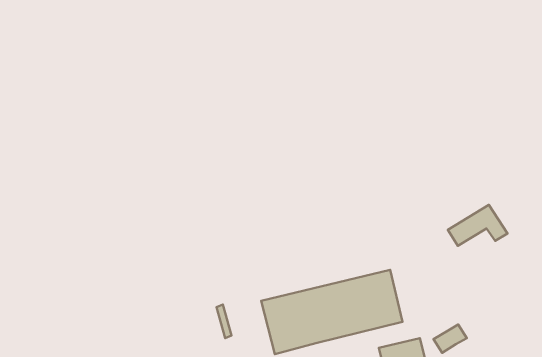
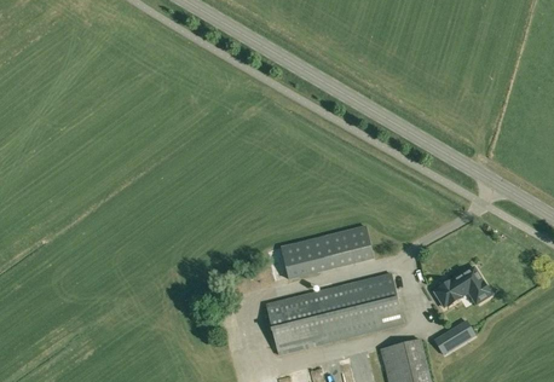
building: [448,205,507,246] -> [433,266,491,306]
building: none -> [281,224,374,279]

